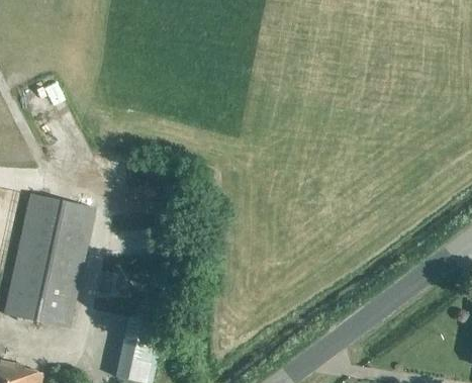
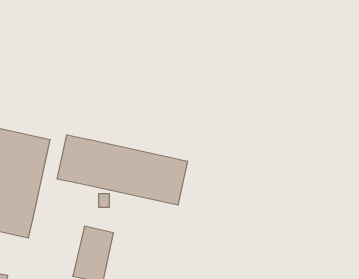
building: none -> [57,135,188,205]

